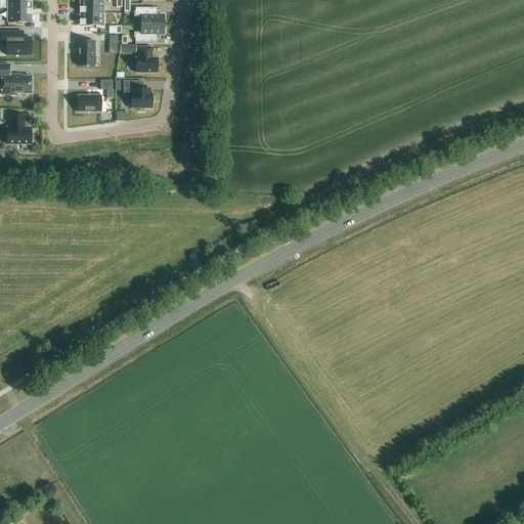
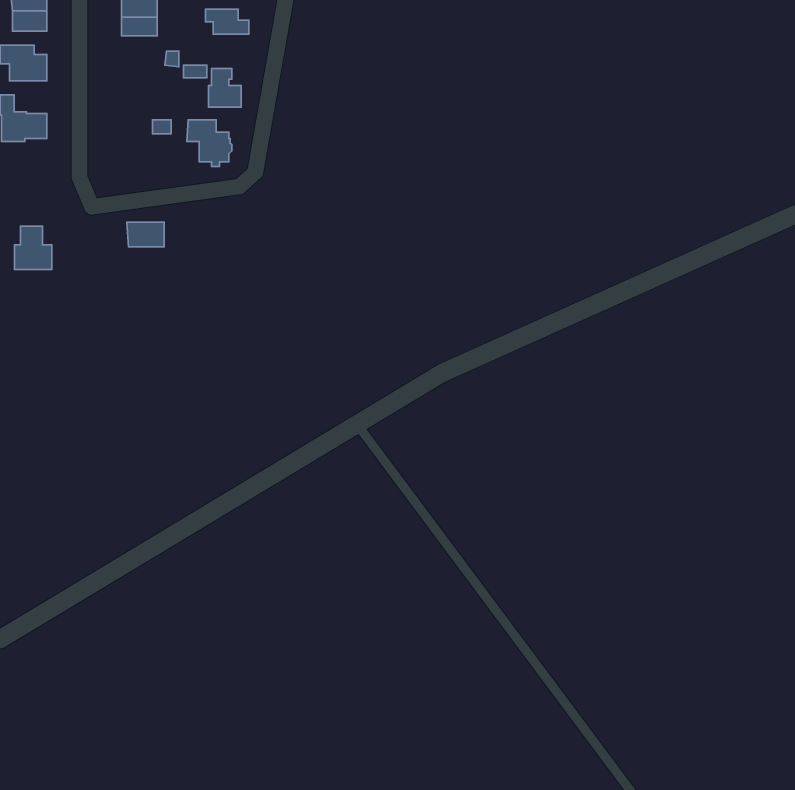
building: [135,23,164,40] -> none
building: [78,40,94,64] -> none
building: [77,93,101,110] -> [127,222,164,247]
building: [6,114,31,142] -> [14,226,52,270]

